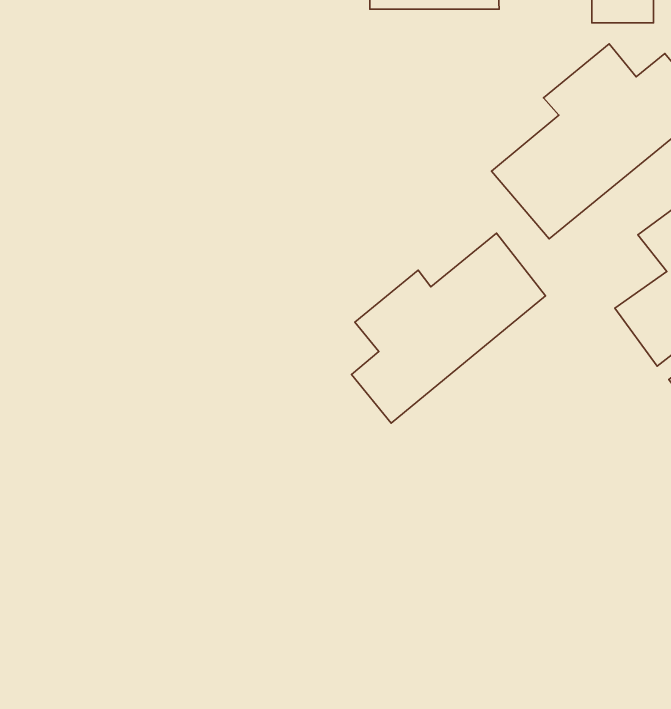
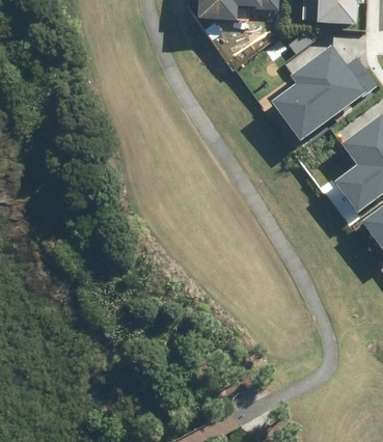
building: [351,233,546,423] -> none

